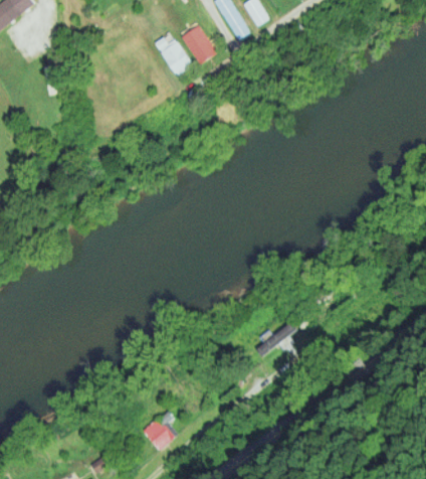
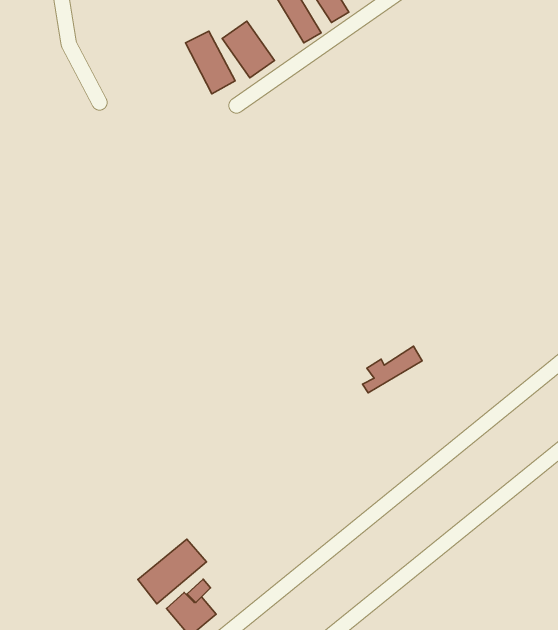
building: [256,322,297,354] -> [362,346,422,393]
building: none -> [138,539,206,604]

